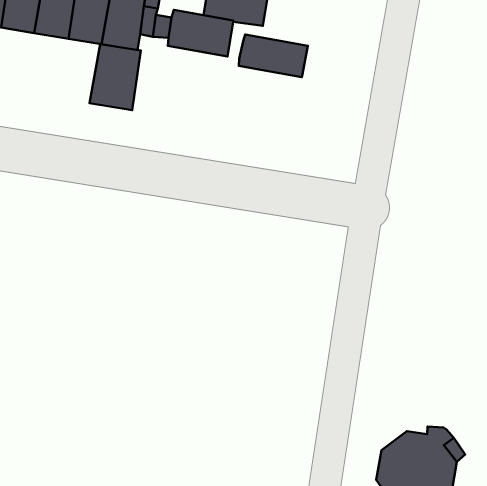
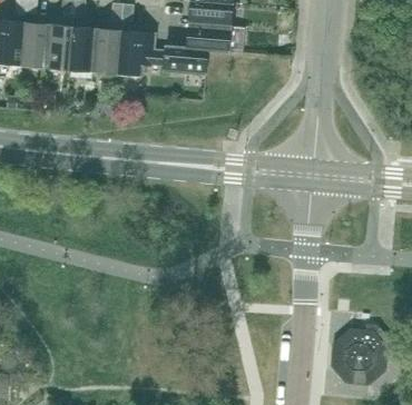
building: [239,35,308,77] -> none
building: [90,44,141,110] -> none

